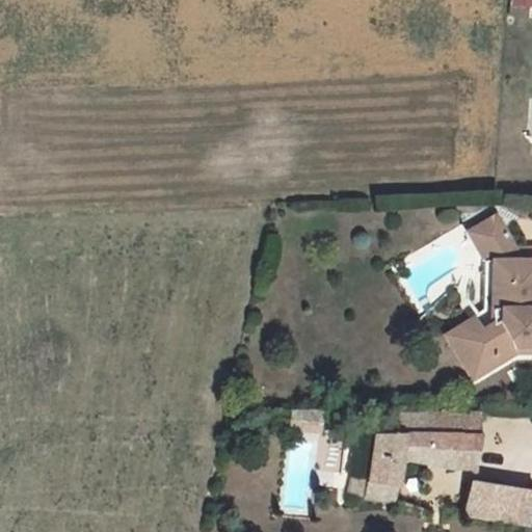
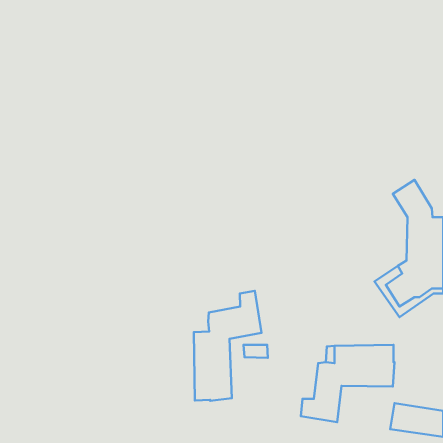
building: none -> [194,291,261,401]

